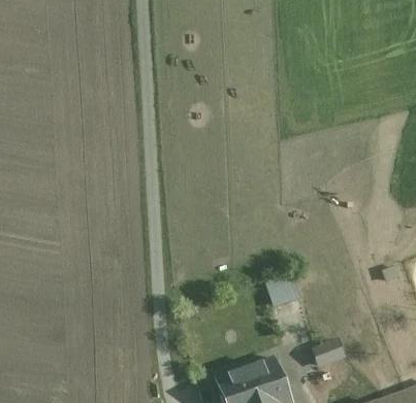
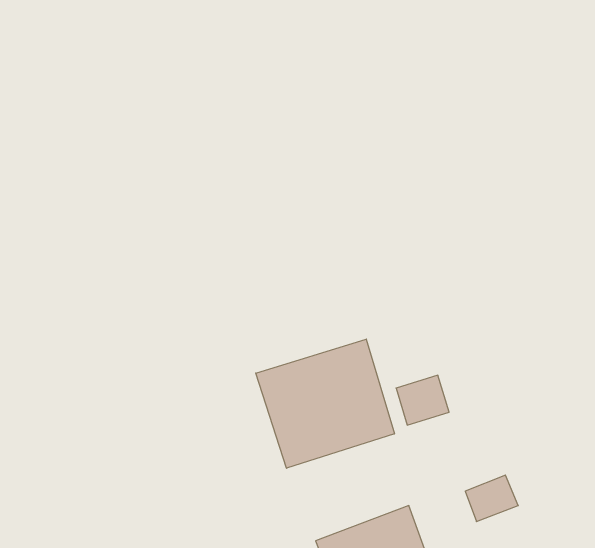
building: none -> [256,339,394,468]

